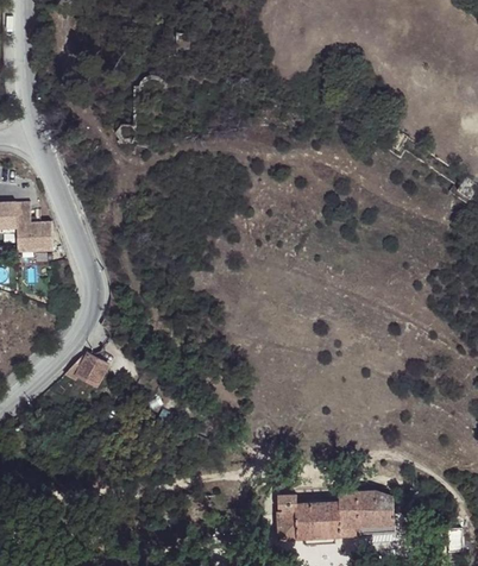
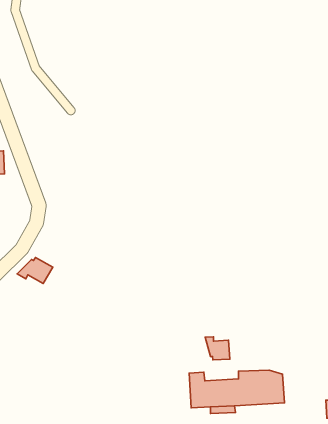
building: none -> [205,337,230,360]

